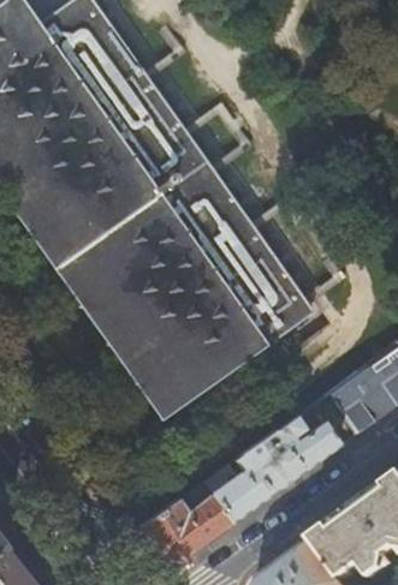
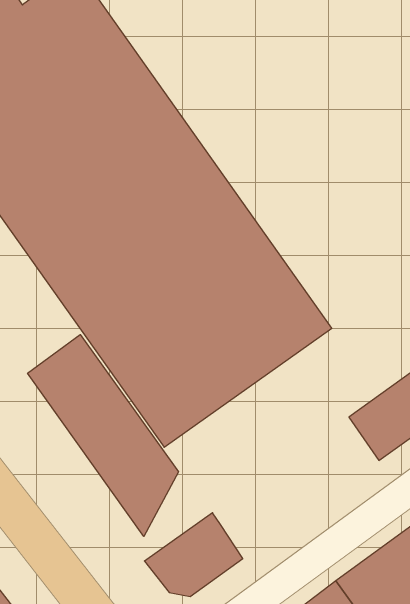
building: none -> [28,335,178,536]
building: [213,414,343,521] -> none

